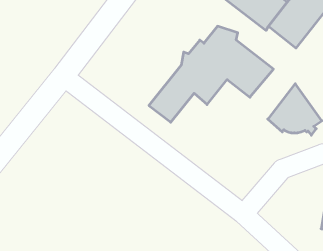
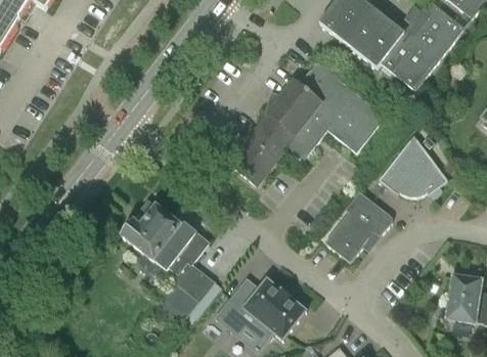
building: none -> [324,191,391,263]
building: none -> [123,200,215,308]
building: none -> [219,281,307,340]

